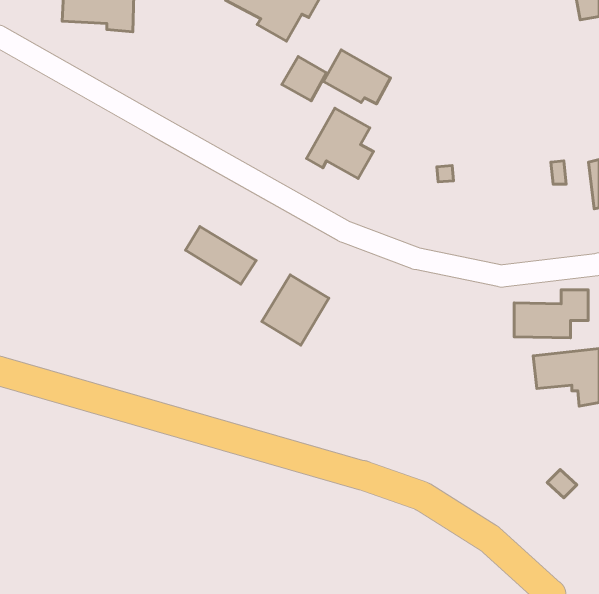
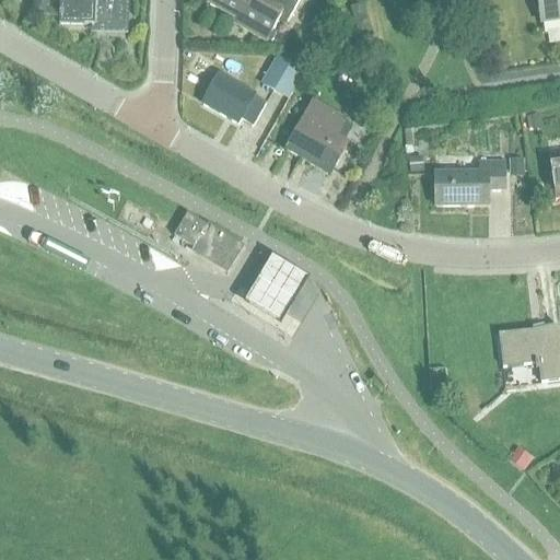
building: [323,50,390,104] -> [202,72,265,122]
building: [514,290,588,338] -> [435,158,504,202]

